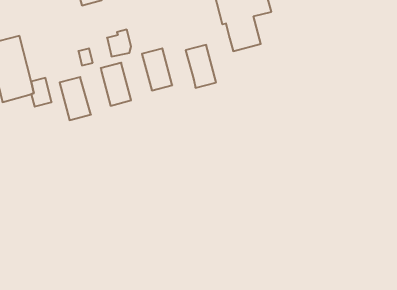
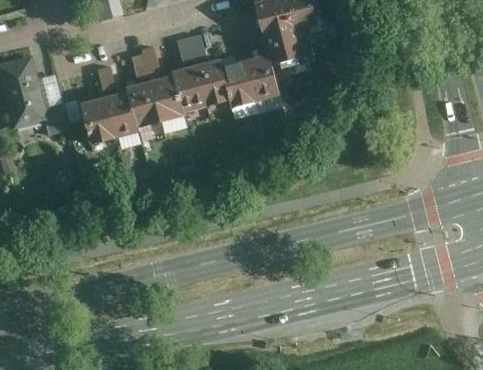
building: none -> [175,31,204,59]
building: none -> [242,53,280,103]
building: none -> [193,59,228,106]
building: none -> [147,75,182,123]
building: none -> [100,91,136,139]

